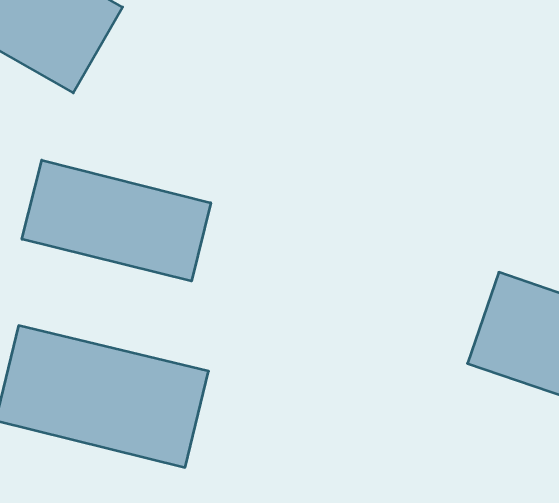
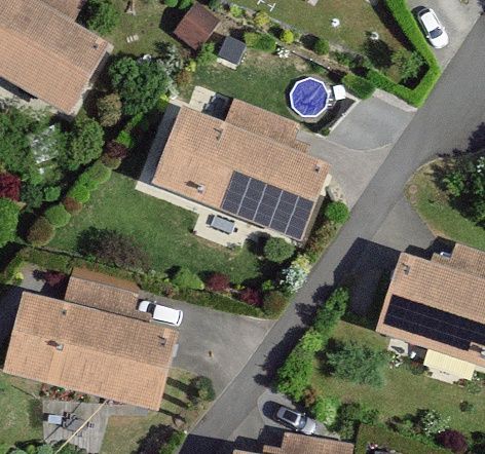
building: none -> [152,106,327,236]
building: [22,160,211,281] -> none

